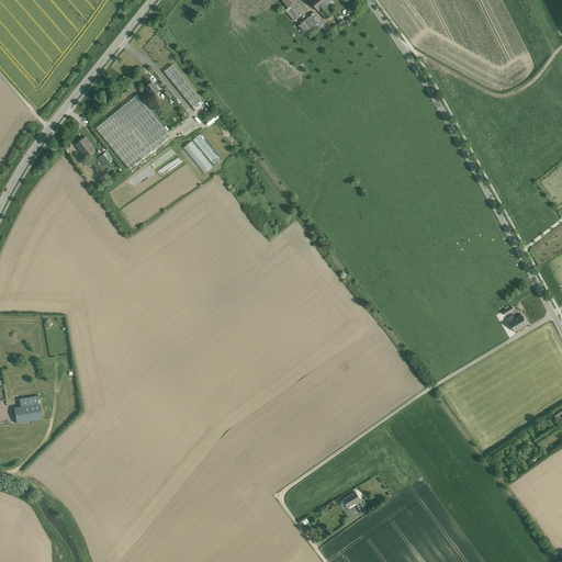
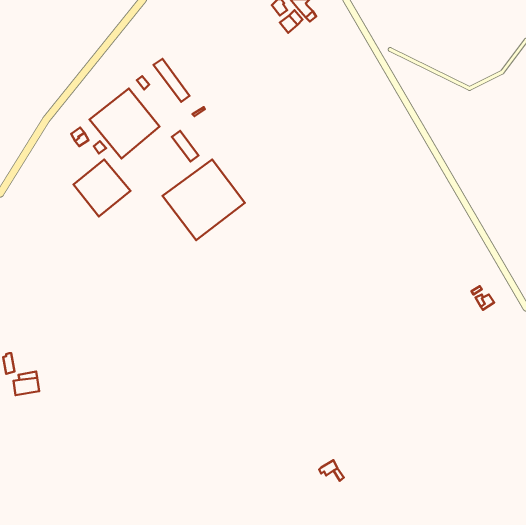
building: none -> [163,160,245,240]
building: none -> [73,160,130,217]

